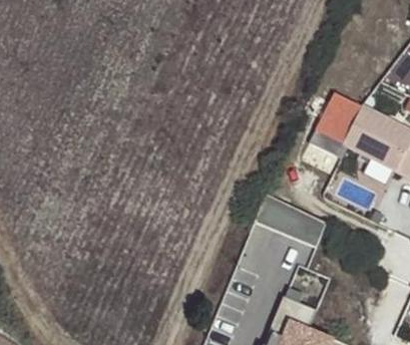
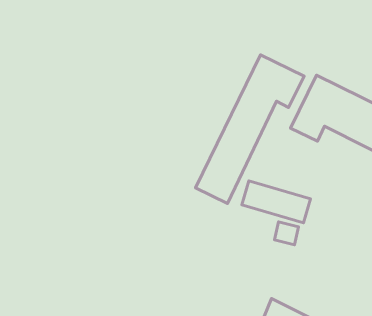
building: none -> [195,55,304,204]

